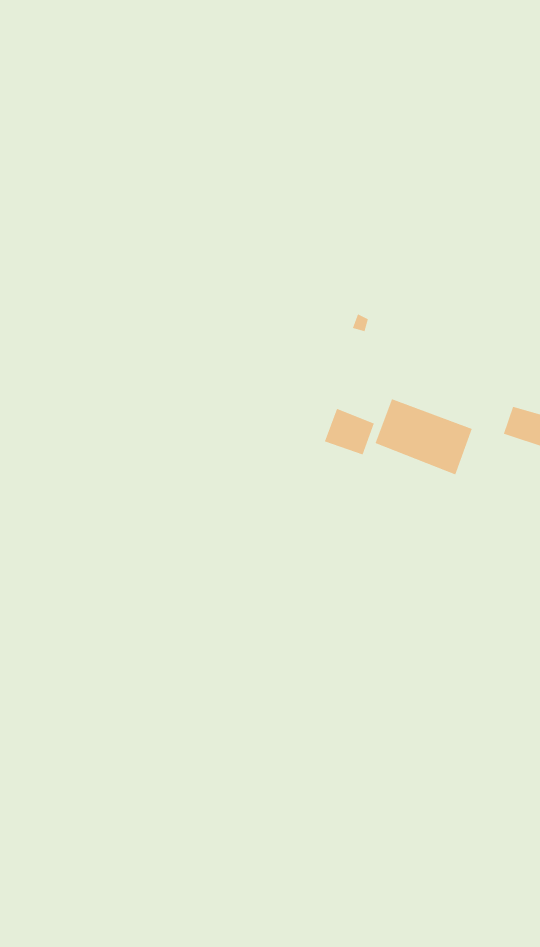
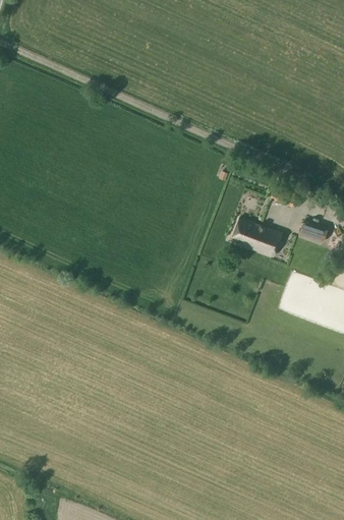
building: [324,408,375,455] -> none

